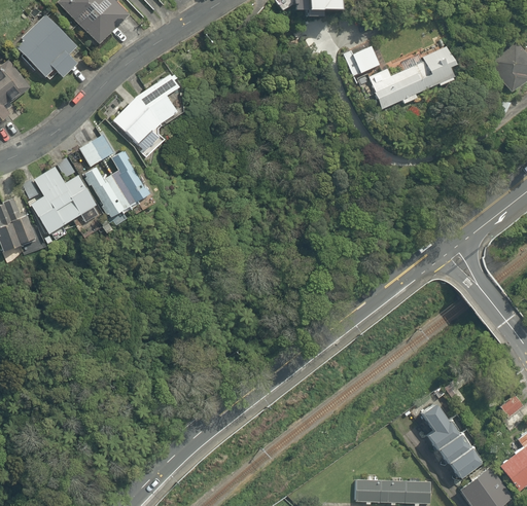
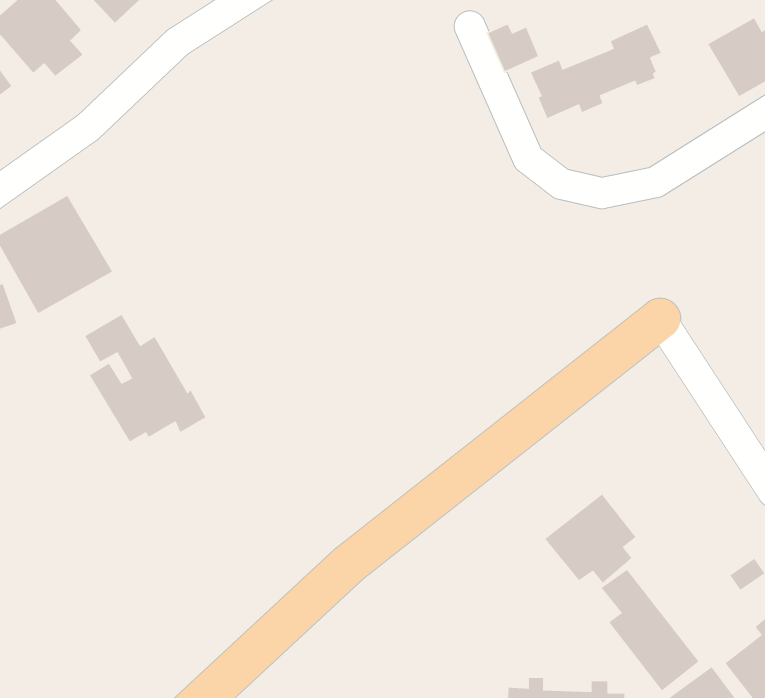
building: [108,73,182,157] -> none
building: [79,134,160,218] -> [84,314,207,443]
building: none -> [544,493,637,584]

